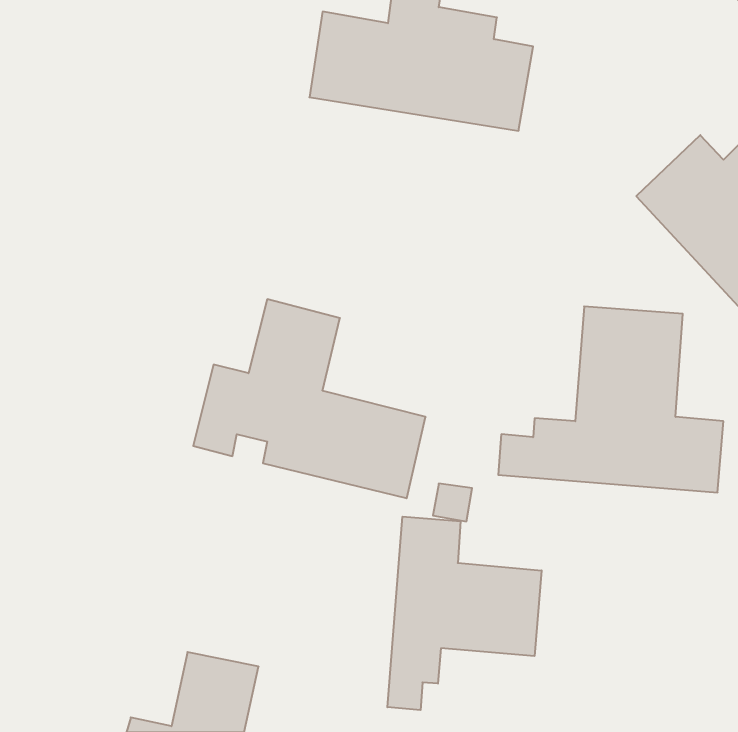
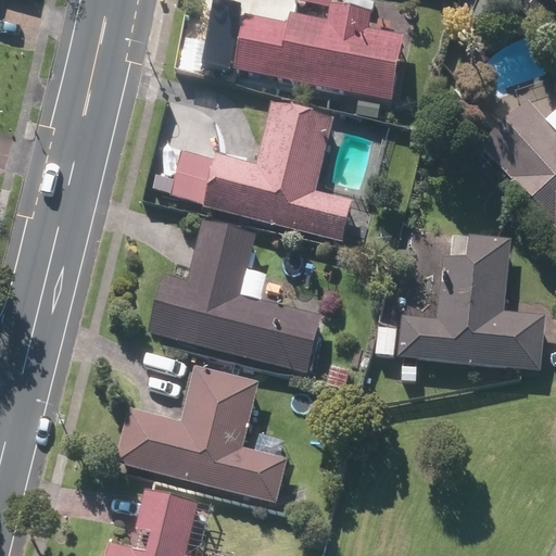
building: none -> [168,104,353,241]
building: none -> [114,370,290,500]
building: [387,517,542,710] -> none

